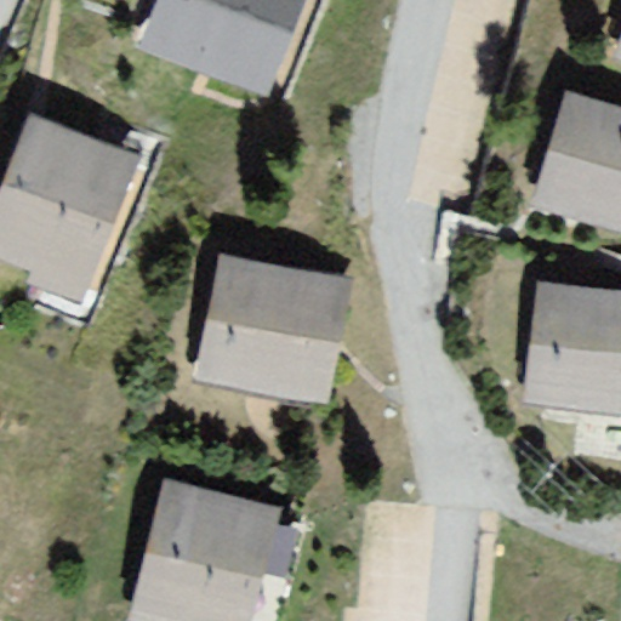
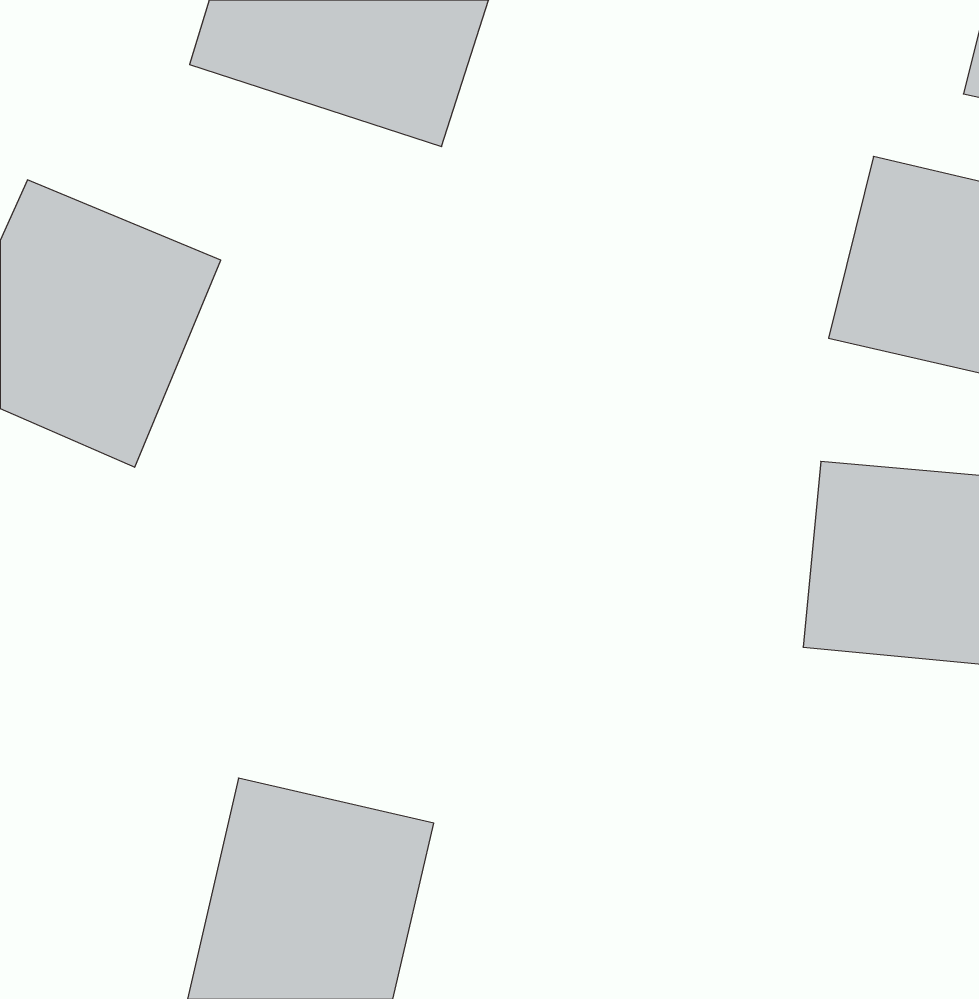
building: [193,255,363,404] -> none

